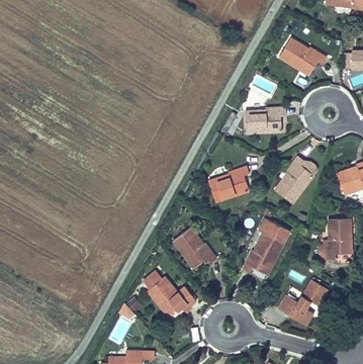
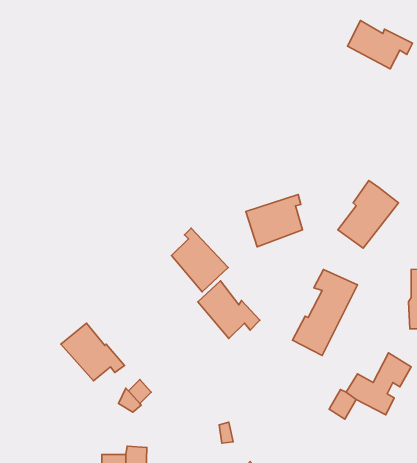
building: [247,107,287,136] -> none
building: none -> [171,228,228,292]
building: [149,276,194,317] -> [61,323,125,381]

